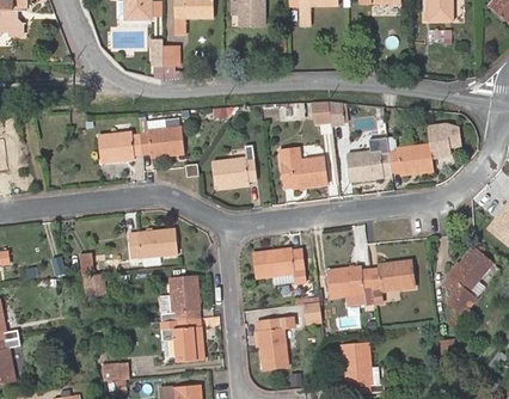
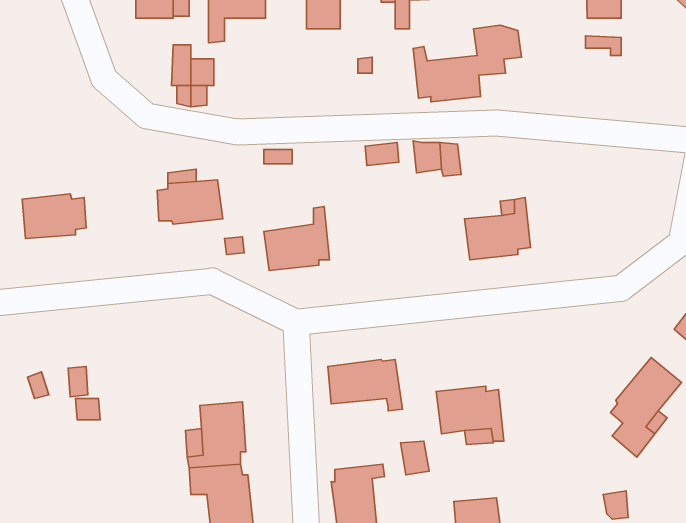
building: [387,123,460,174] -> [413,25,521,102]
building: [98,131,141,161] -> [22,194,86,238]
building: [280,148,326,189] -> none
building: [128,228,177,257] -> none
building: [369,258,413,302] -> none

